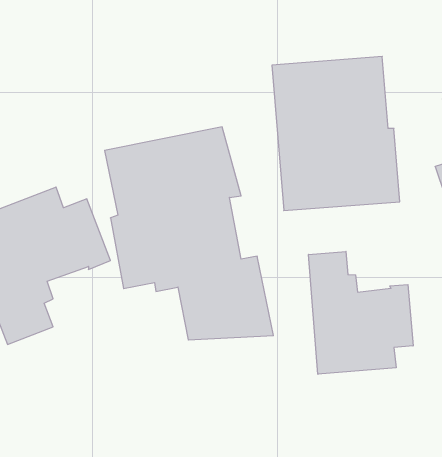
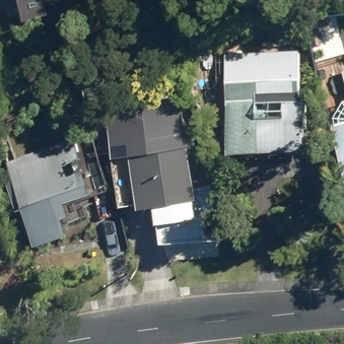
building: [309,251,413,374] -> none

